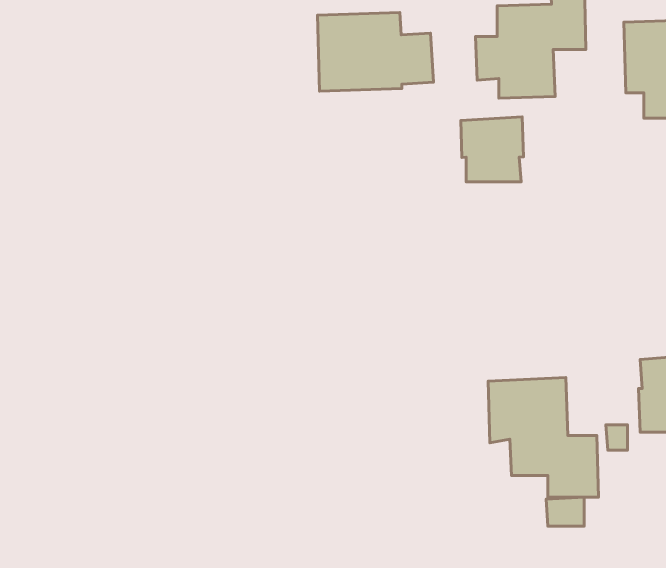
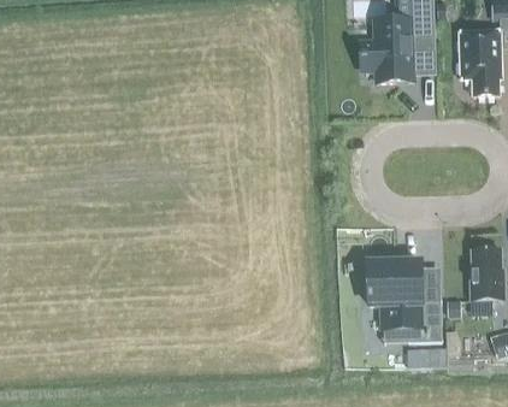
building: [317,13,433,91] -> none
building: [461,117,523,182] -> none

